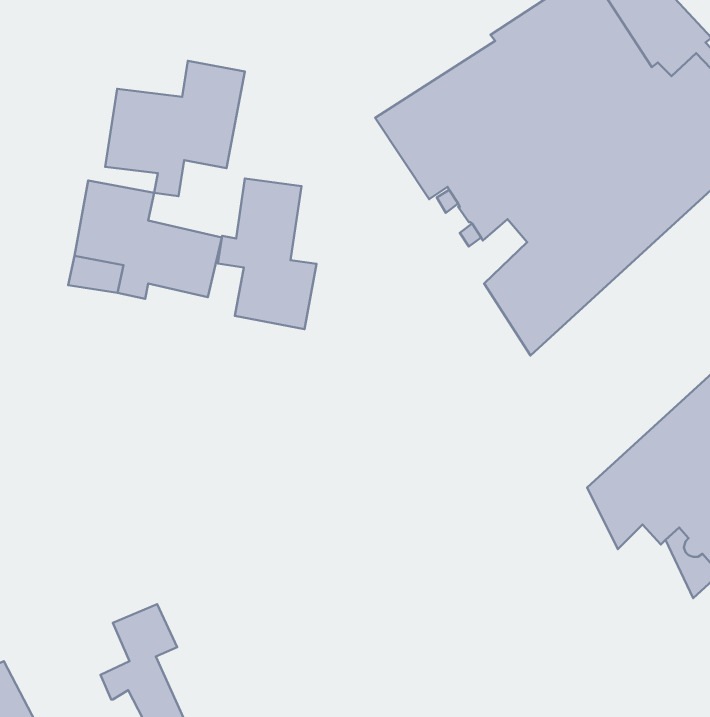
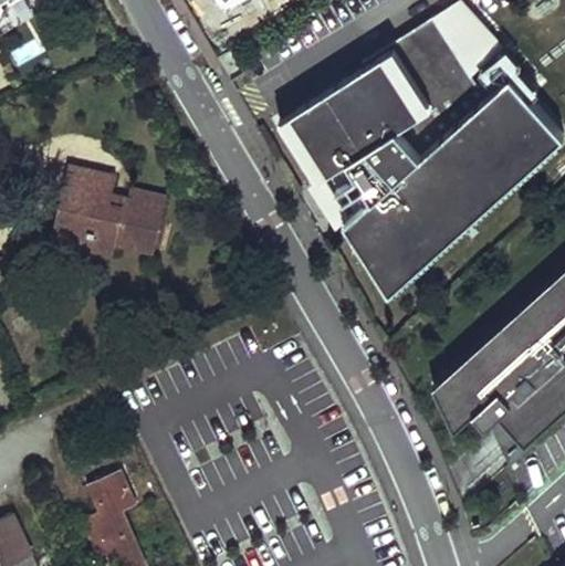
building: [105,61,245,196] -> none
building: [218,178,316,329] -> none
building: none -> [344,198,388,244]

